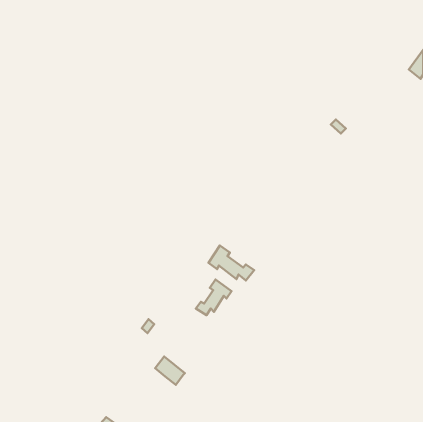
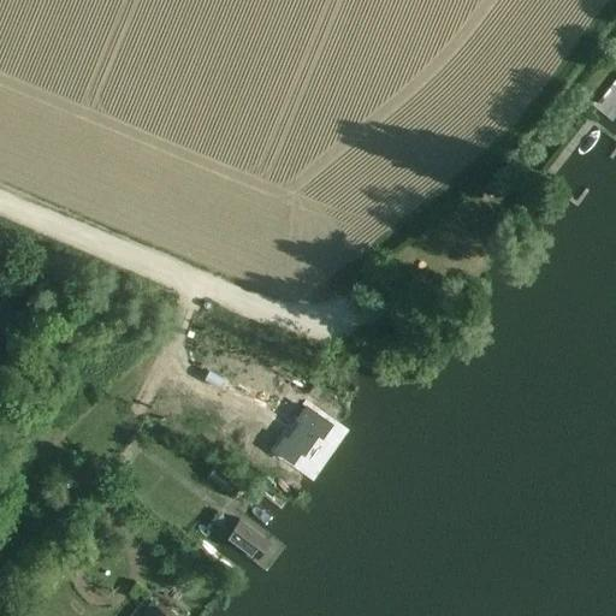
building: [209,246,254,280] -> none

